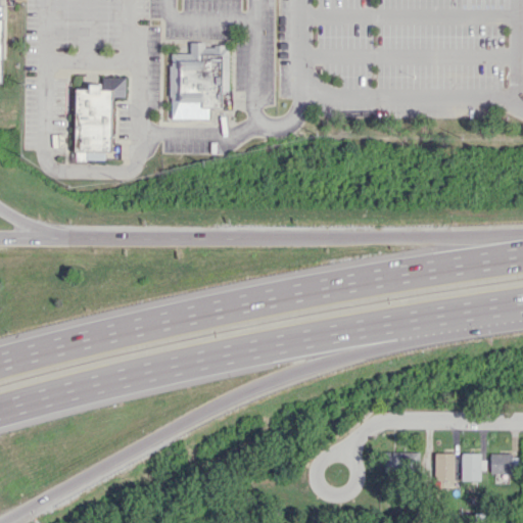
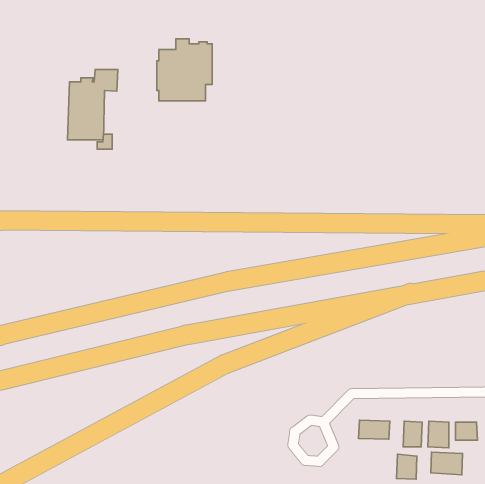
building: none -> [431,452,462,475]
building: none -> [397,454,417,479]

